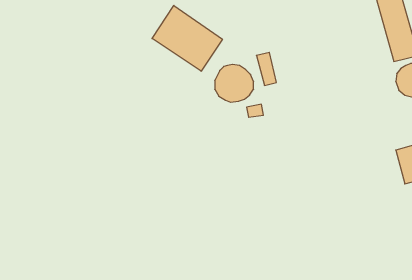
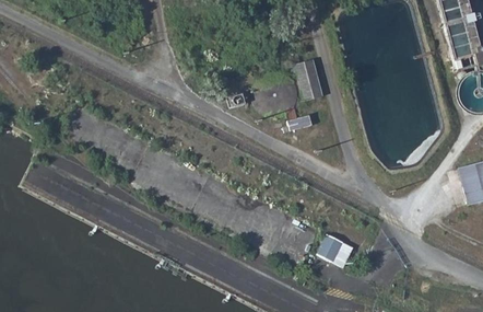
building: [152,5,222,71] -> none
building: none -> [316,234,352,266]

